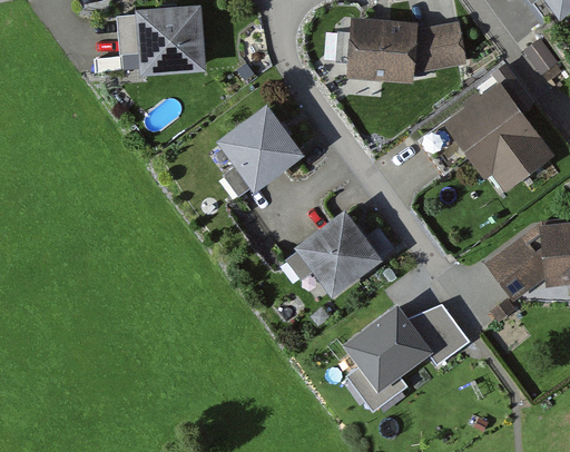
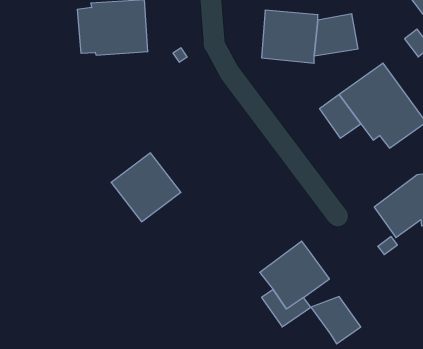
building: [217,106,304,191] -> [111,153,181,222]
building: [295,207,383,295] -> none
building: [407,305,470,364] -> [311,297,361,344]

